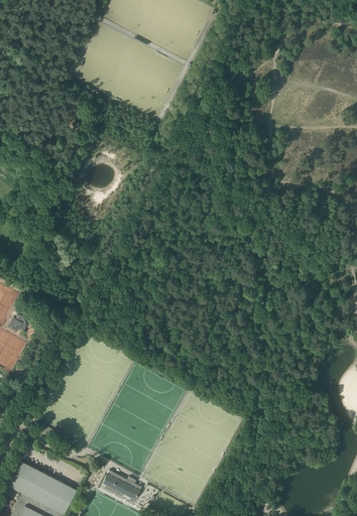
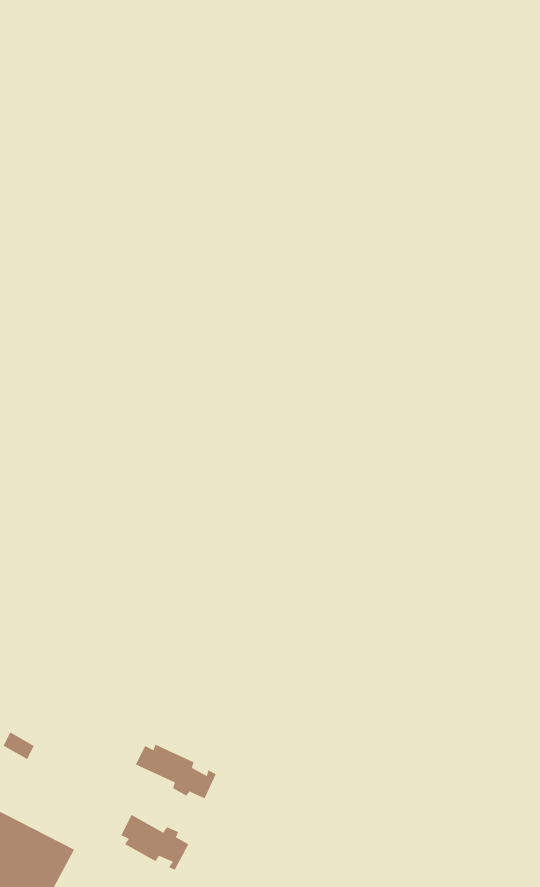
building: none -> [135,744,217,799]

